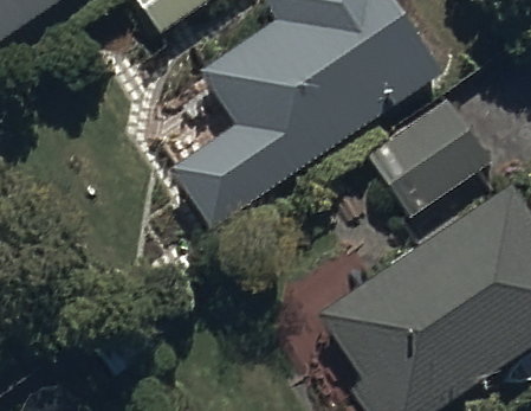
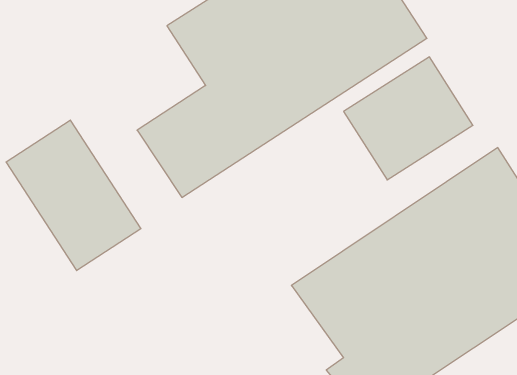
building: none -> [6,120,141,271]

